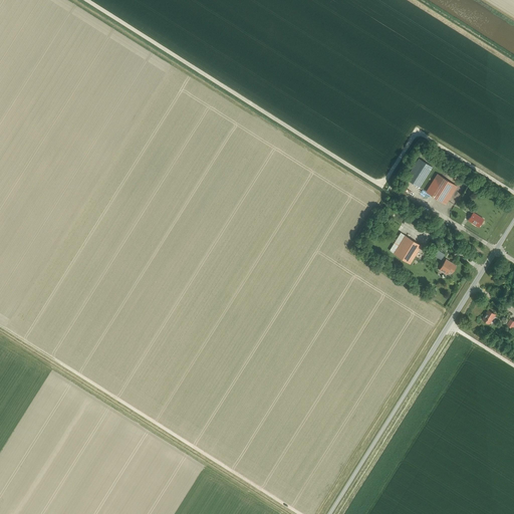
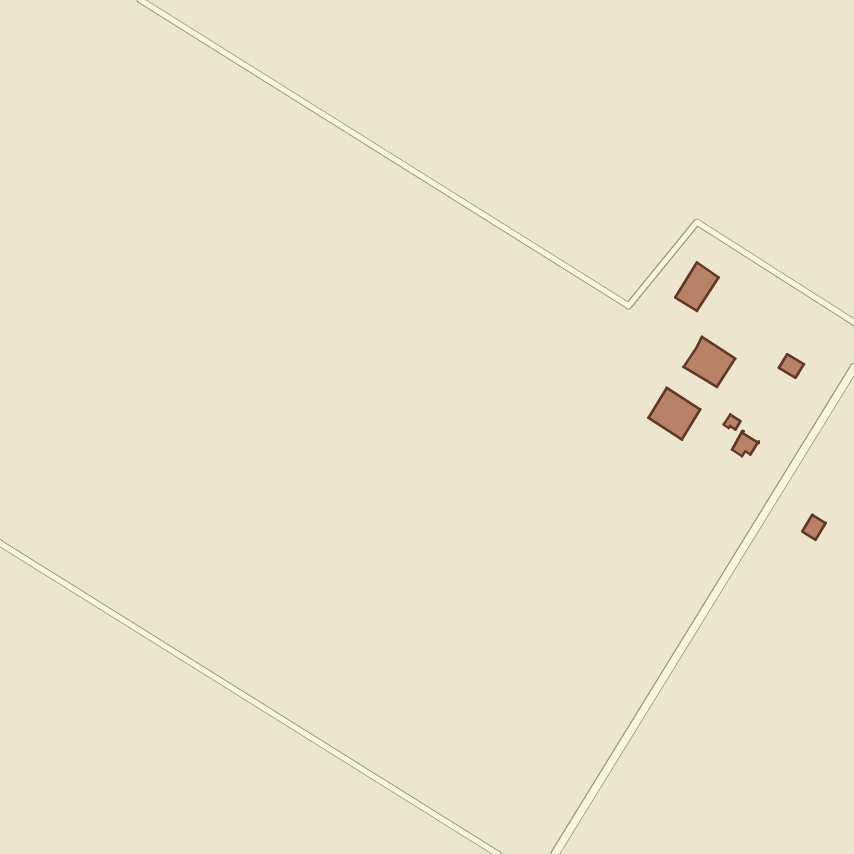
building: [426,174,457,204] -> [683,337,735,387]

